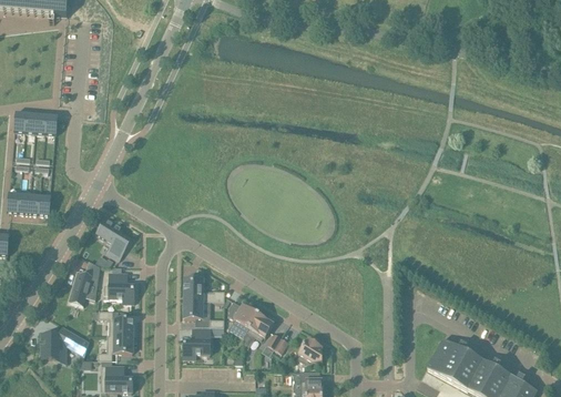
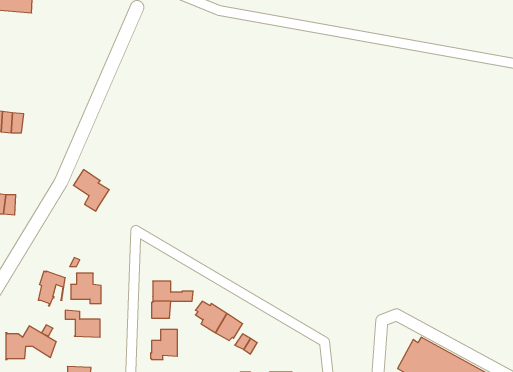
building: [96,218,132,259] -> [73,170,109,211]
building: [98,335,133,360] -> none
building: [296,337,323,363] -> none

